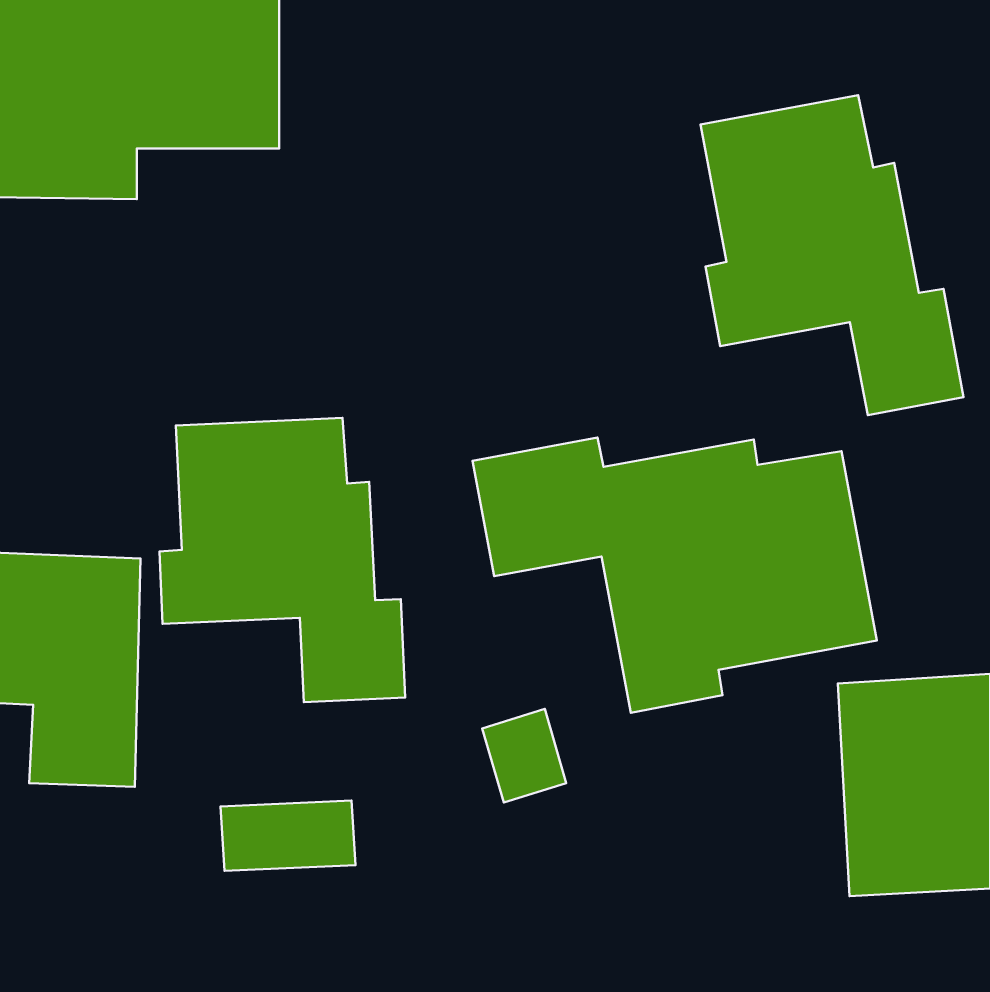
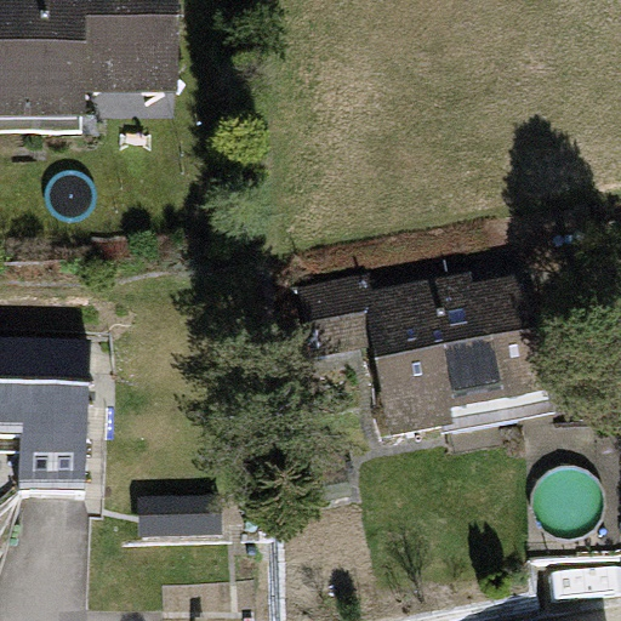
building: [701,95,964,415] -> none
building: [160,418,405,702] -> none

